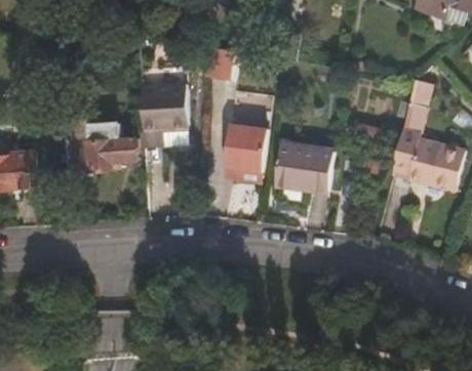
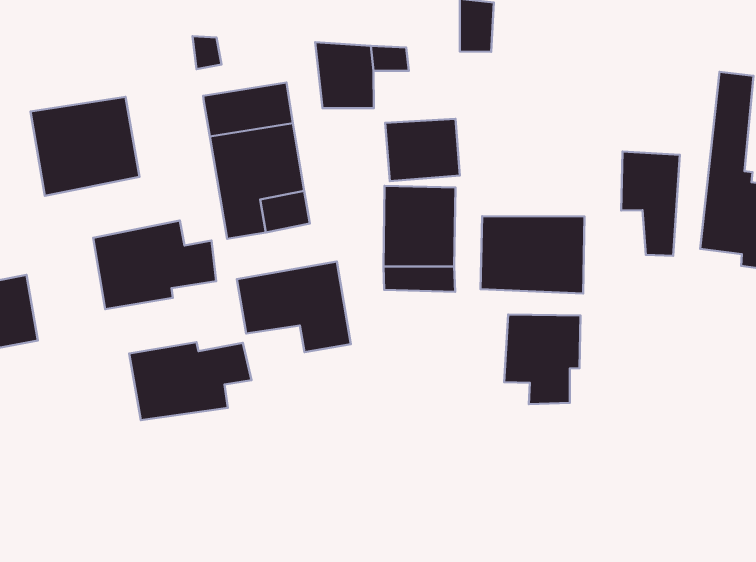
building: none -> [31,97,140,196]
building: none -> [237,261,351,352]
building: none -> [129,342,251,420]
building: none -> [504,315,580,404]

